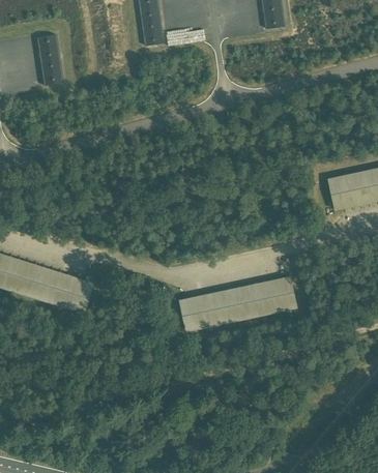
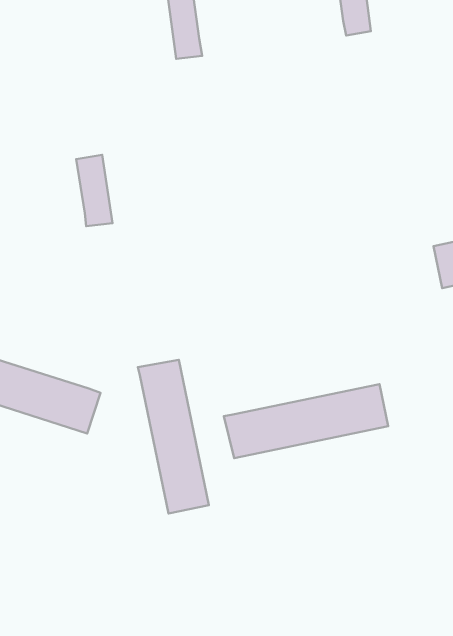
building: [36,34,62,85] -> [76,155,112,226]
building: none -> [138,360,209,513]

